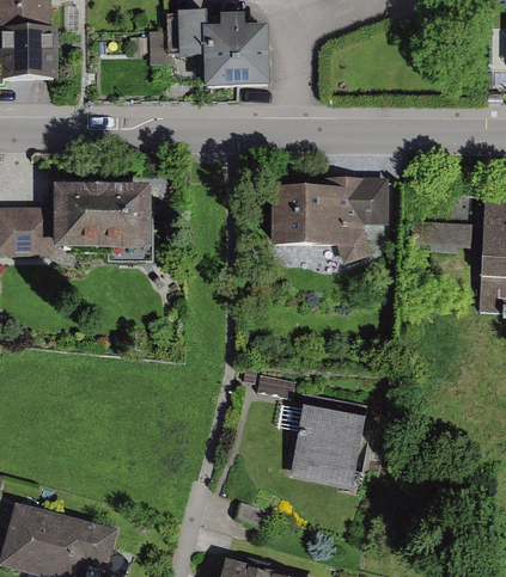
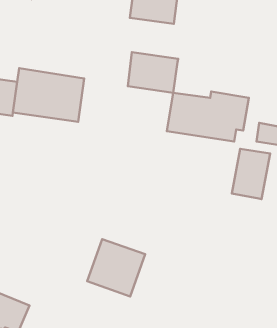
building: none -> [128,52,178,93]
building: none -> [232,149,270,199]
building: [292,404,371,481] -> [87,239,145,296]

